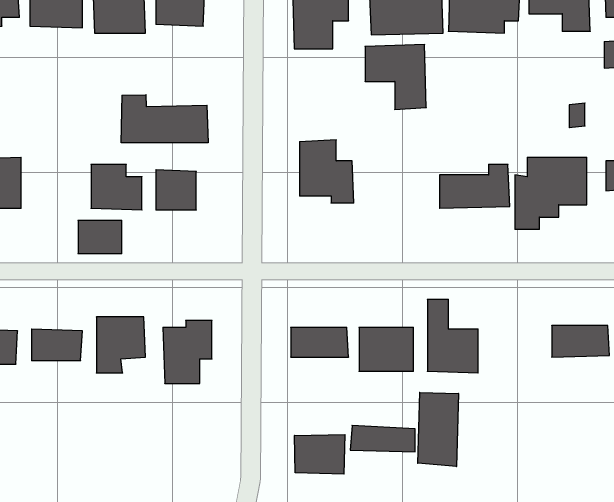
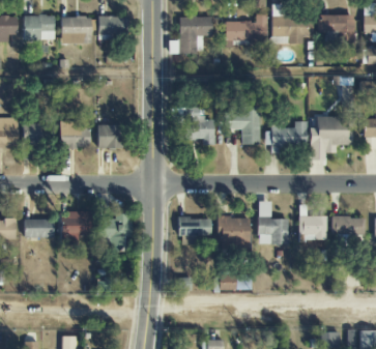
building: [365,45,426,109] -> [225,107,261,145]
building: [121,95,208,143] -> none
building: [78,220,122,254] -> [23,124,49,144]
building: none -> [299,215,328,240]
building: [418,392,458,467] -> none
building: [295,435,345,474] -> none

